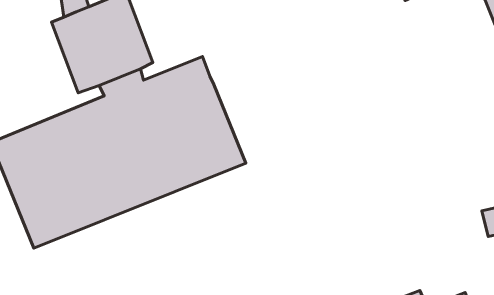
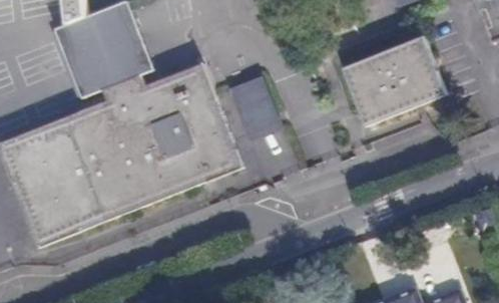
building: none -> [342,36,444,125]
building: none -> [228,75,282,140]

